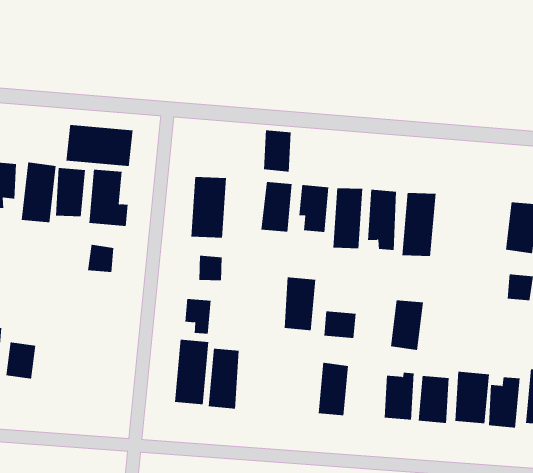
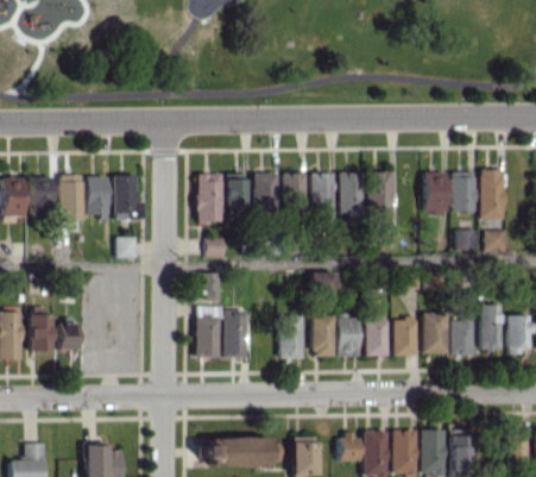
building: [66,124,133,167] -> none
building: [263,130,291,172] -> [226,175,248,207]
building: none -> [424,172,448,213]
building: [284,277,316,331] -> [280,316,304,358]
building: [390,300,424,351] -> [338,319,361,358]

